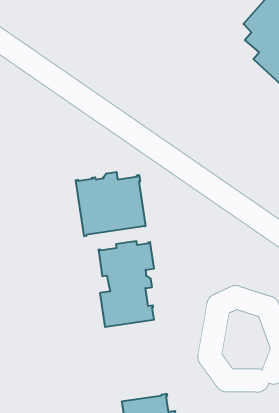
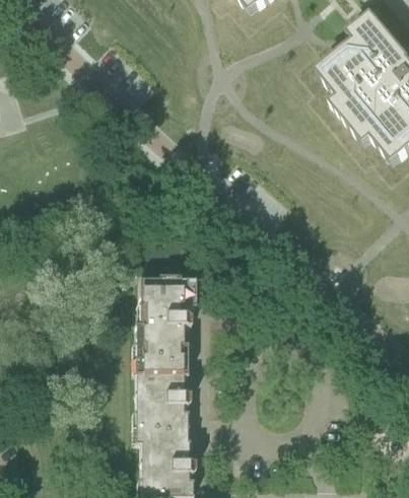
building: [76,172,145,236] -> none
building: none -> [133,362,189,444]

